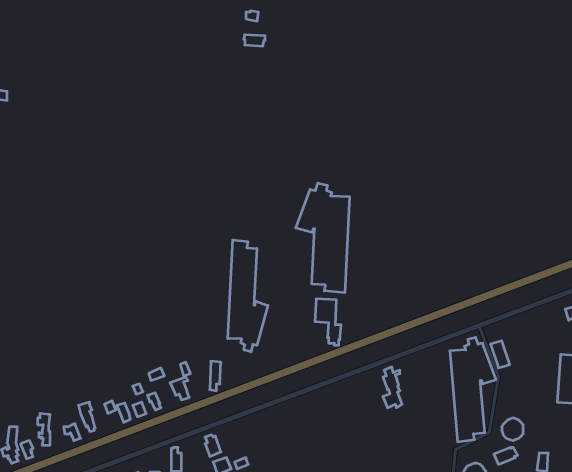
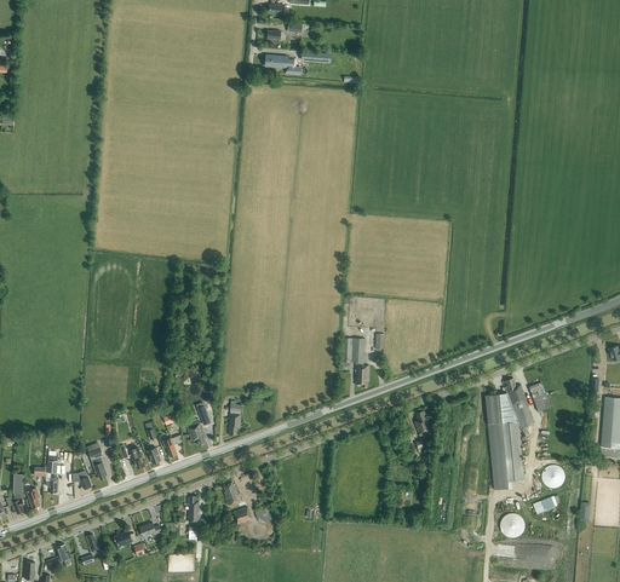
building: [296,183,349,293] -> none
building: [228,240,268,352] -> none

